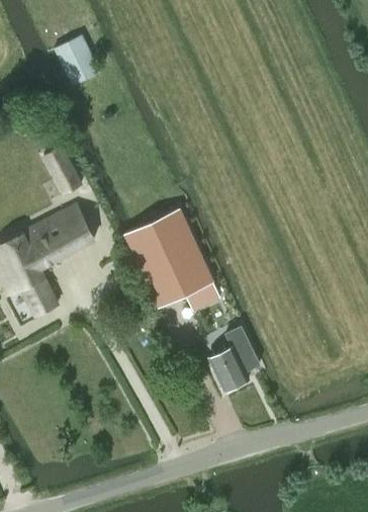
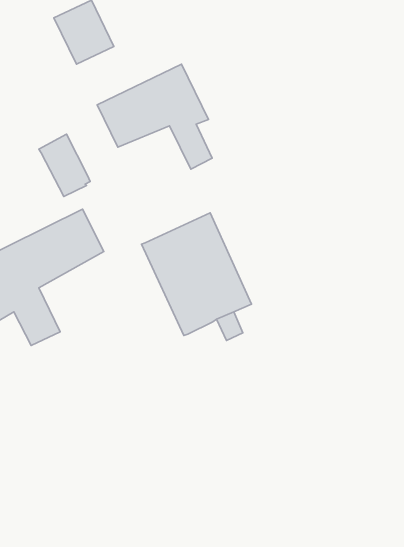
building: none -> [97,64,212,169]
building: [209,327,259,390] -> none

